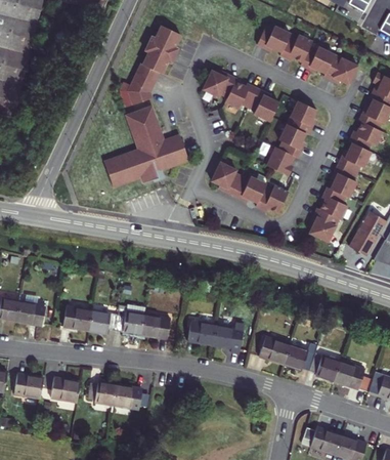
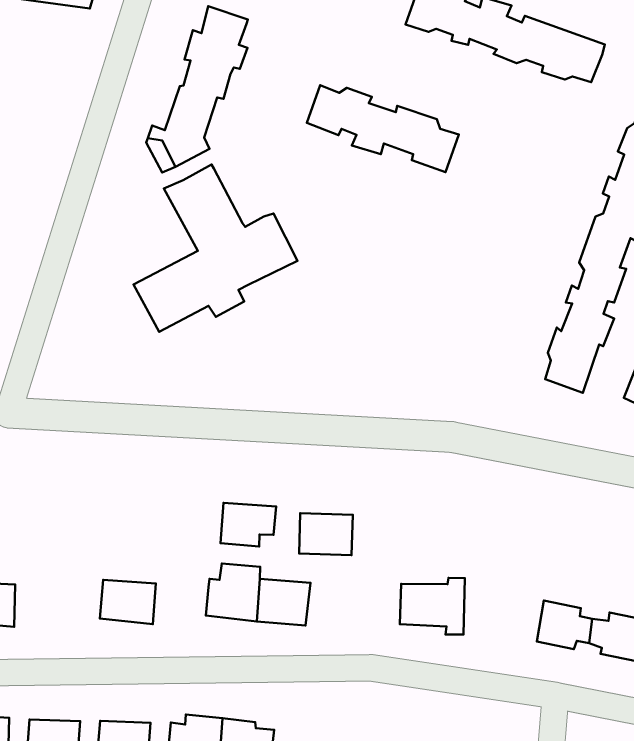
building: [266,99,317,175] -> none
building: [210,160,287,212] -> none
building: [21,304,50,330] -> none
building: [92,312,123,337] -> [220,503,276,547]
building: [191,324,221,348] -> [299,513,353,555]
building: [261,338,293,366] -> none

